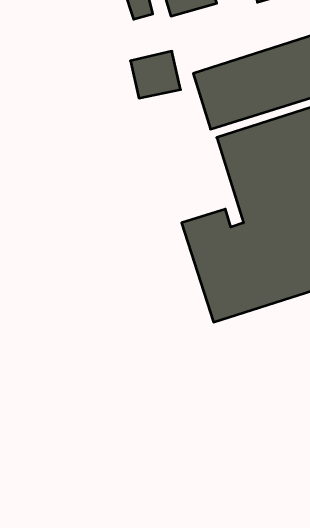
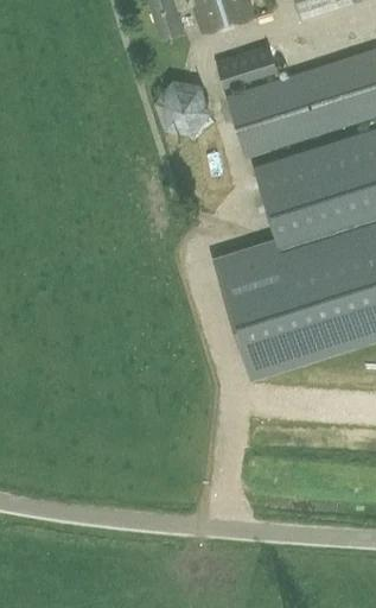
building: none -> [217,48,278,90]

